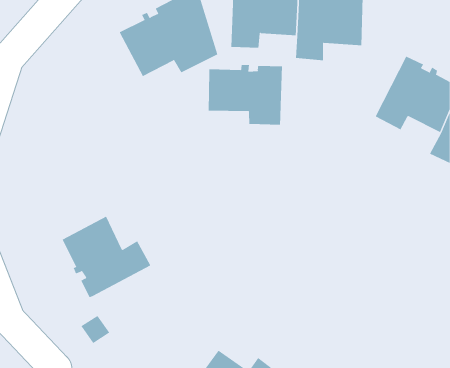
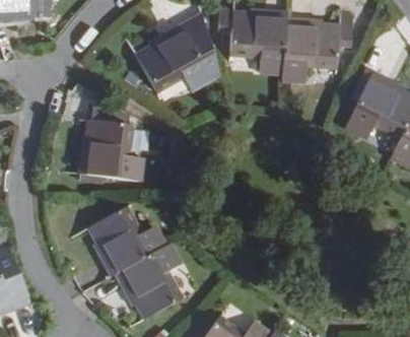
building: [208,64,283,125] -> none
building: none -> [81,120,141,179]
building: none -> [117,246,181,318]

